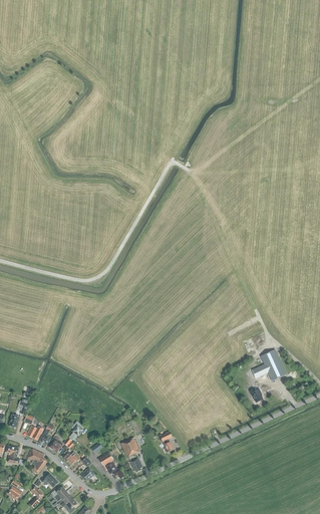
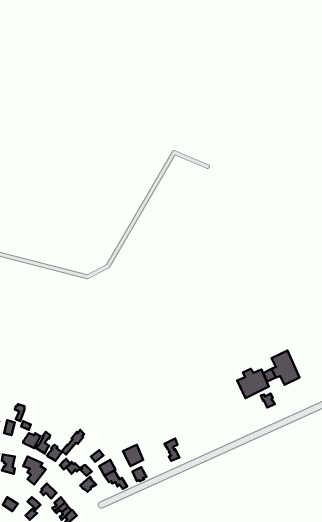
building: none -> [237,369,269,398]

